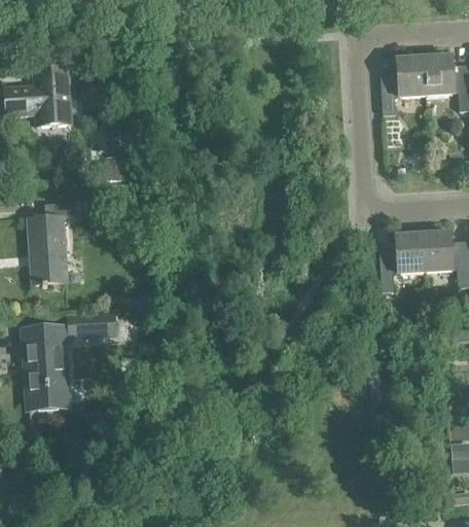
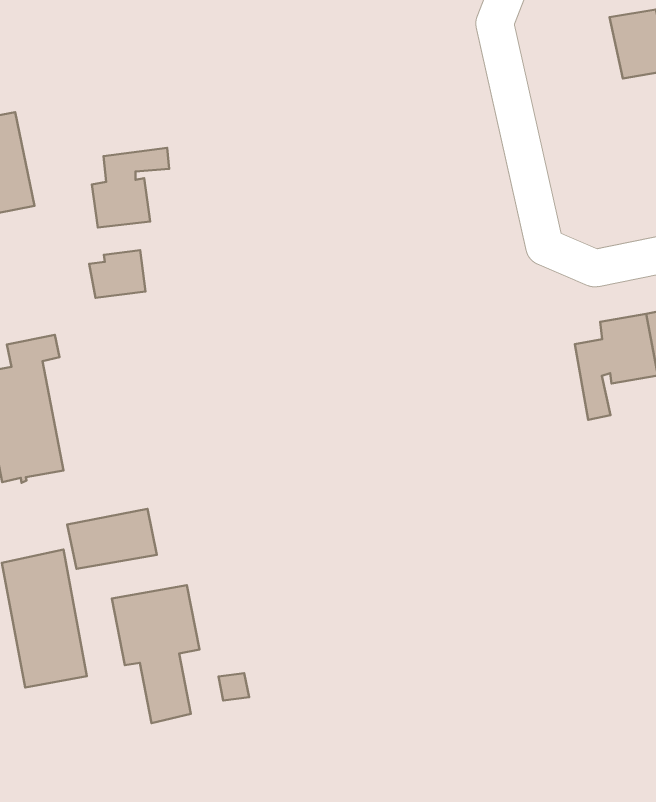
building: [381,57,427,114] -> none
building: none -> [92,148,169,228]
building: none -> [112,585,200,723]

